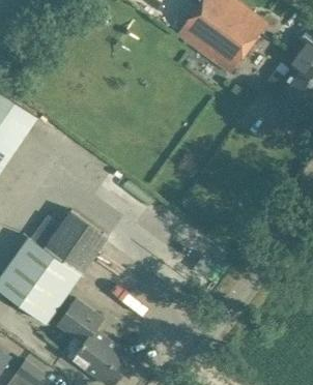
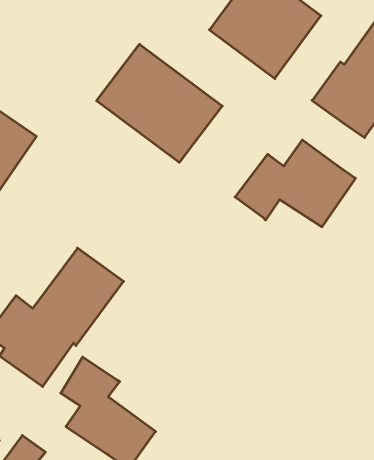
building: none -> [97,44,222,162]
building: none -> [235,140,355,227]

